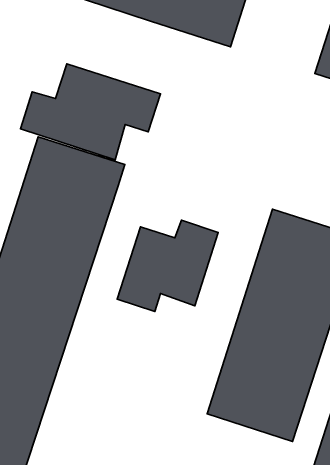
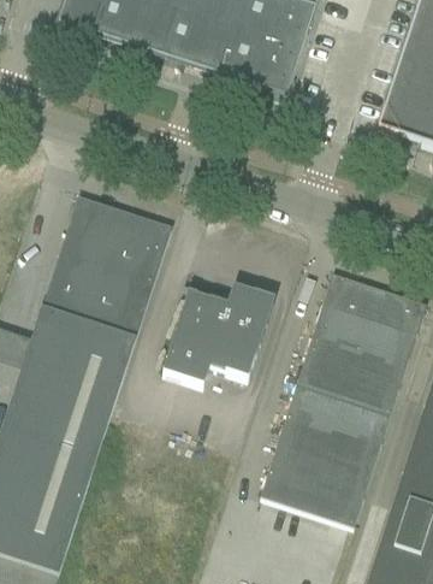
building: [21,64,160,160] -> none

